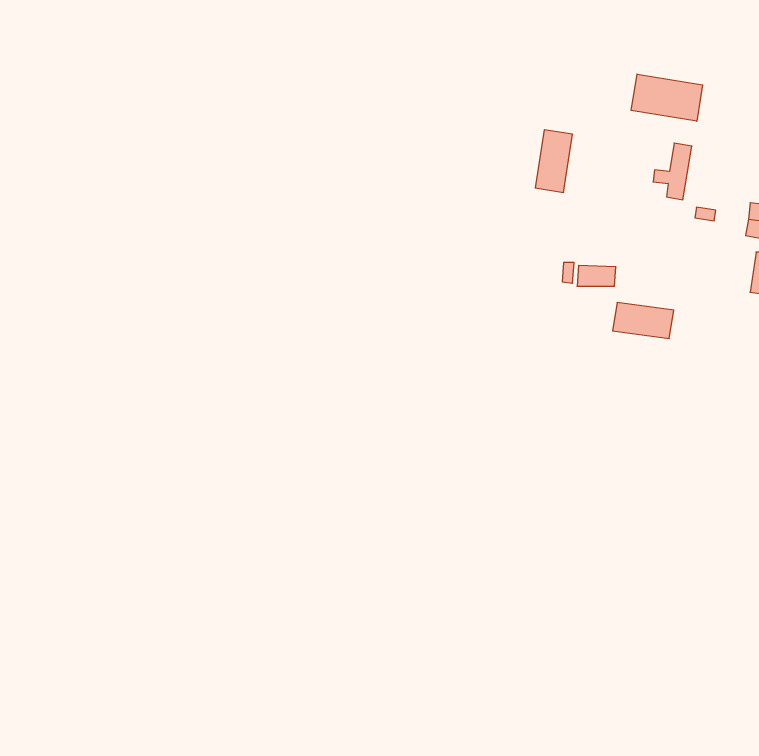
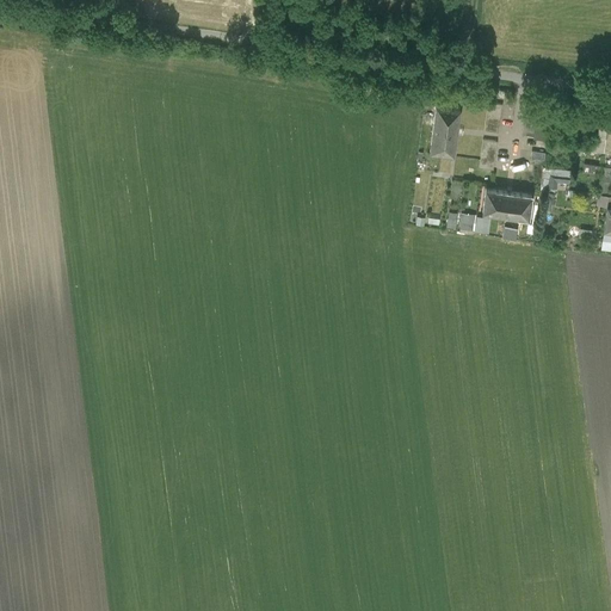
building: [631,74,703,121] -> none
building: [613,303,674,338] -> [483,192,532,221]

